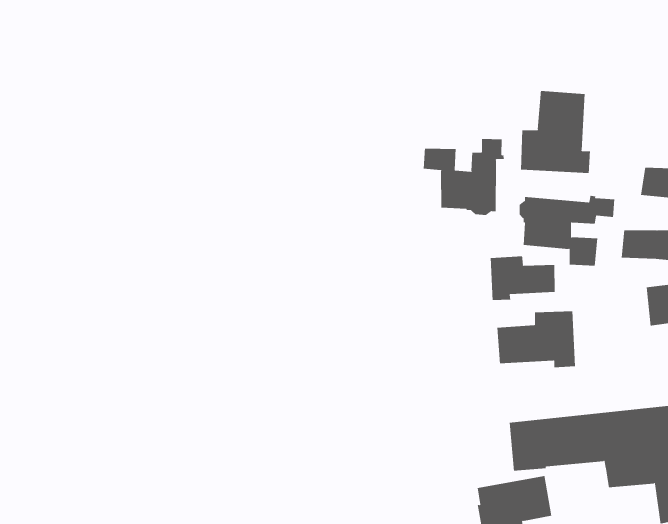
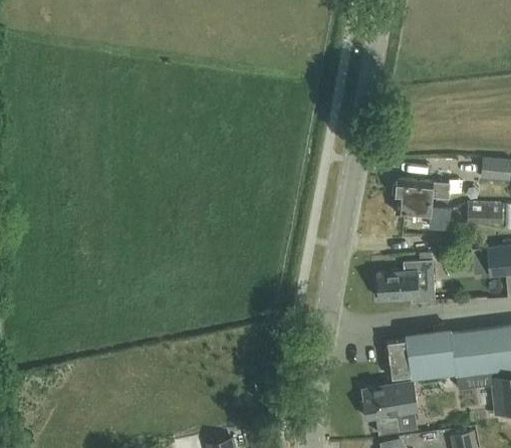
building: [520,90,591,174] -> none
building: [423,138,505,216] -> none
building: [490,255,555,301] -> none

